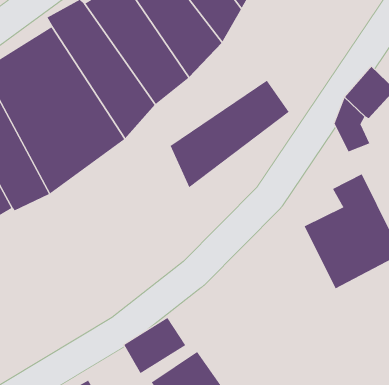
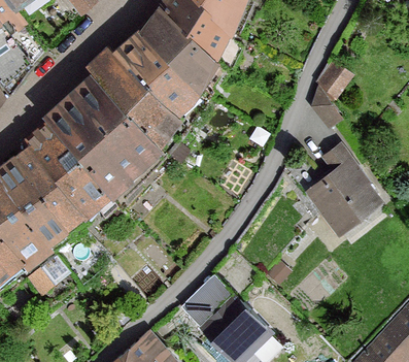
building: [170,80,289,188] -> none

